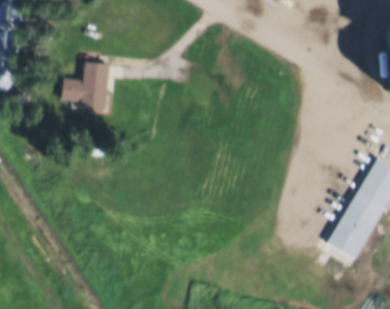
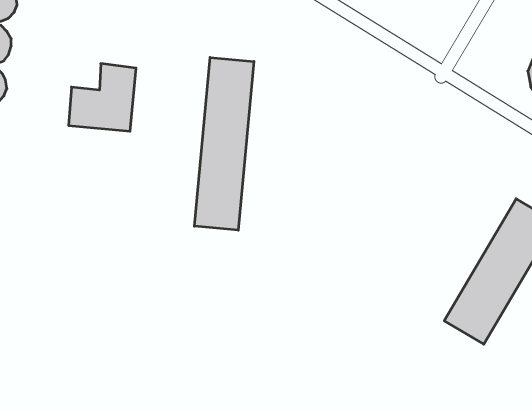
building: none -> [194,57,254,230]

